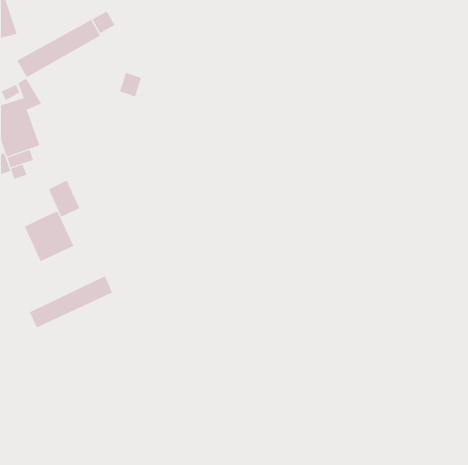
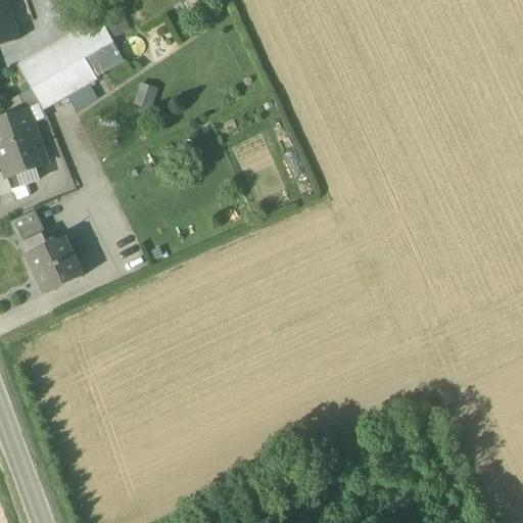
building: none -> [30,40,123,112]
building: [48,180,80,217] -> [13,210,49,252]
building: [29,276,113,328] -> none

